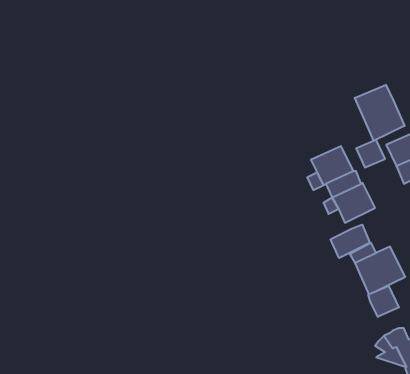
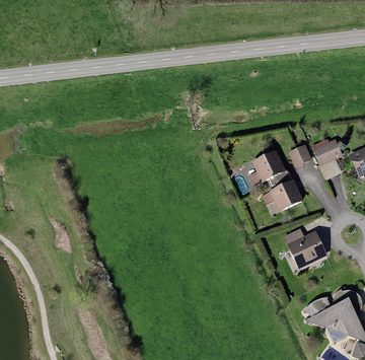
building: [355,85,405,141] -> none
building: [331,225,370,258] -> none
building: [368,286,399,317] -> none

